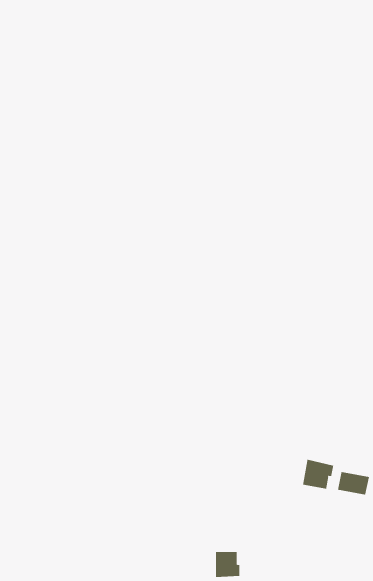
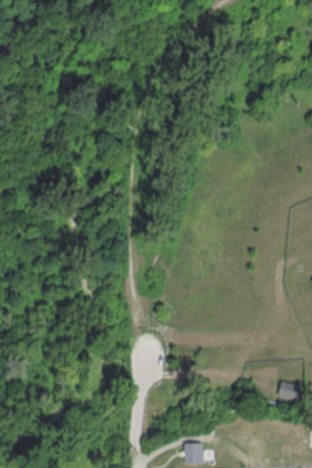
building: [302,459,334,490] -> none

